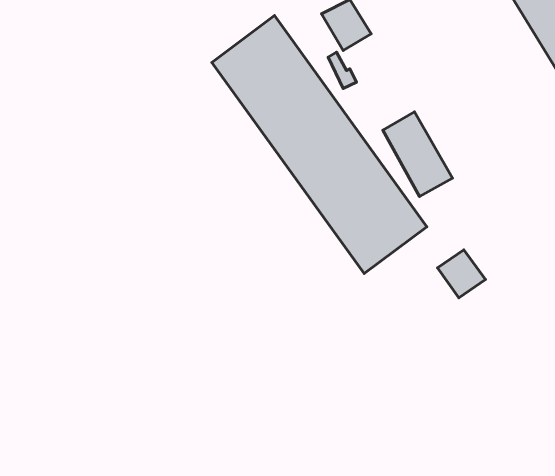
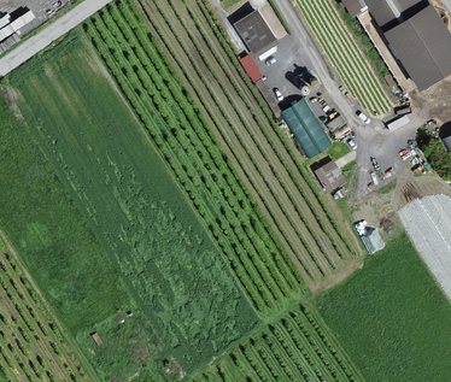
building: [212,16,427,274] -> none
building: [437,250,486,298] -> [314,157,348,192]

